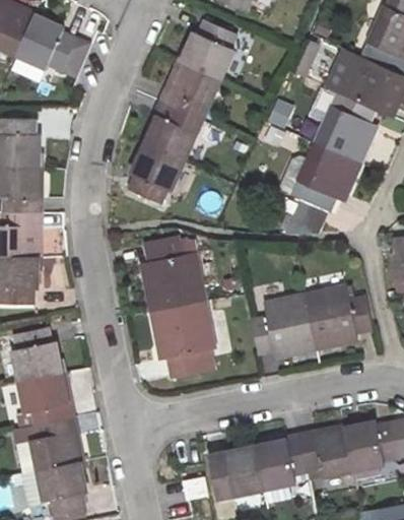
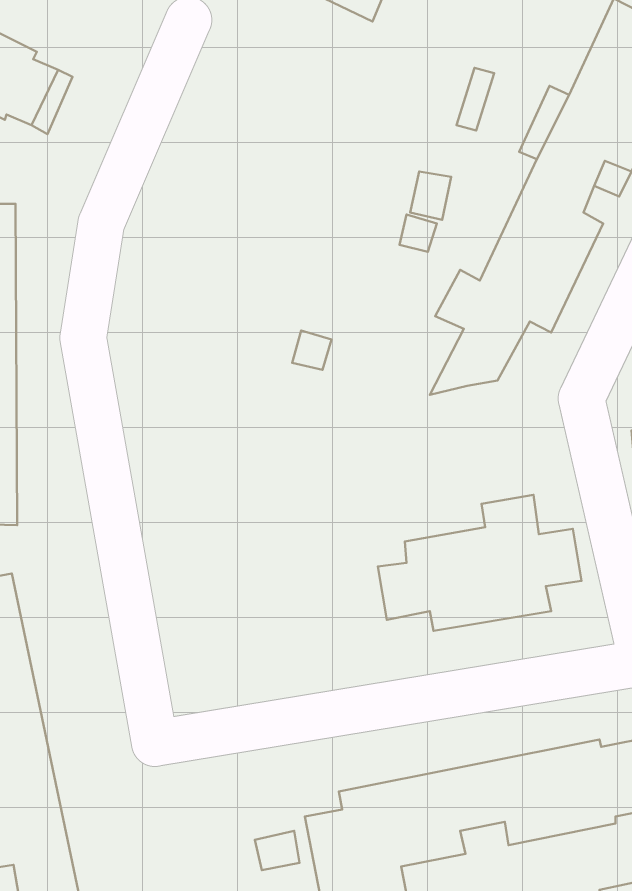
building: [131,12,243,195] -> none
building: [141,237,216,373] -> none

